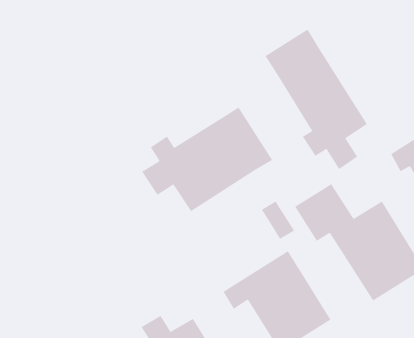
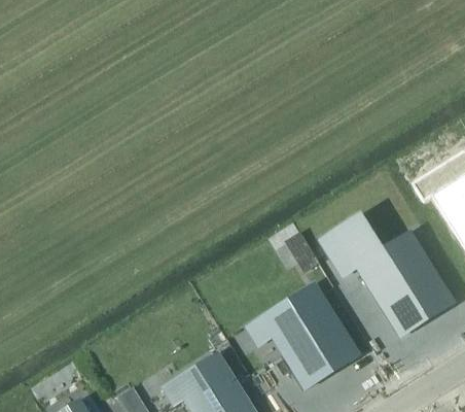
building: [265,28,368,170] -> none
building: [141,107,273,212] -> none

